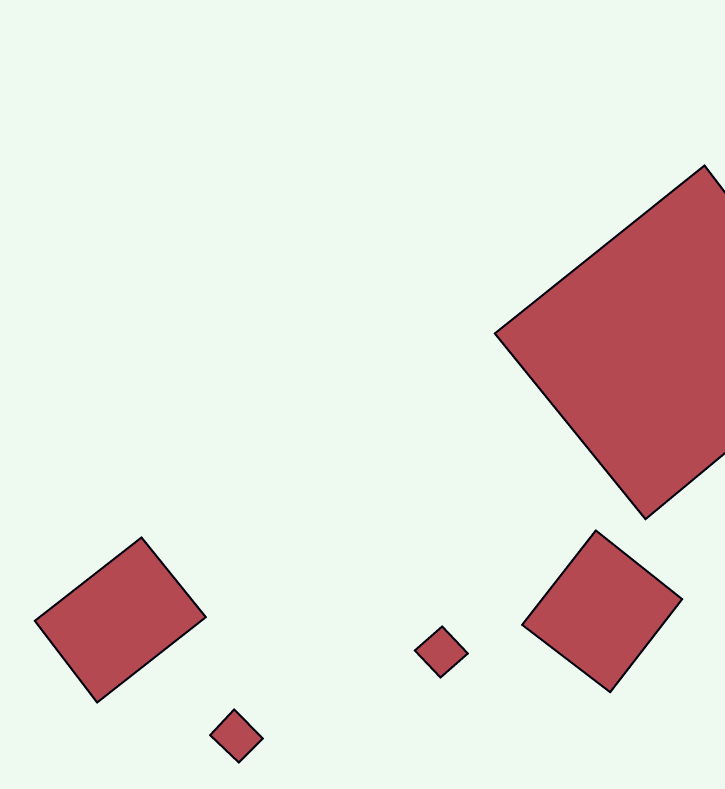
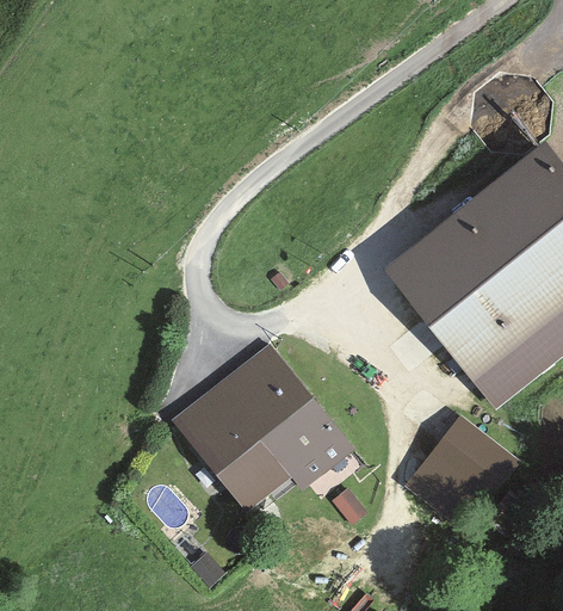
building: none -> [160,338,352,519]
building: [35,537,206,702] -> none

